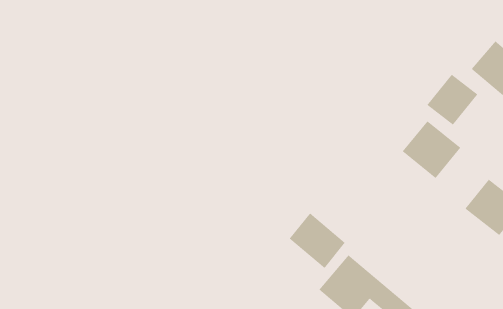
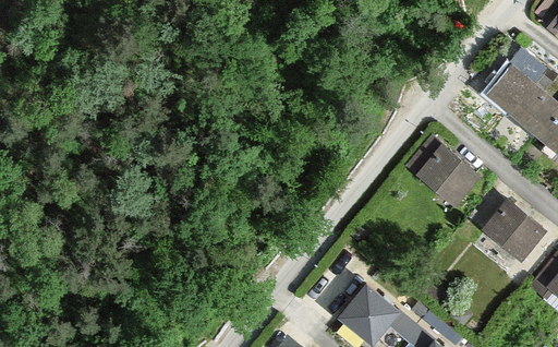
building: [427,74,478,126] -> none
building: [289,213,346,269] -> none

